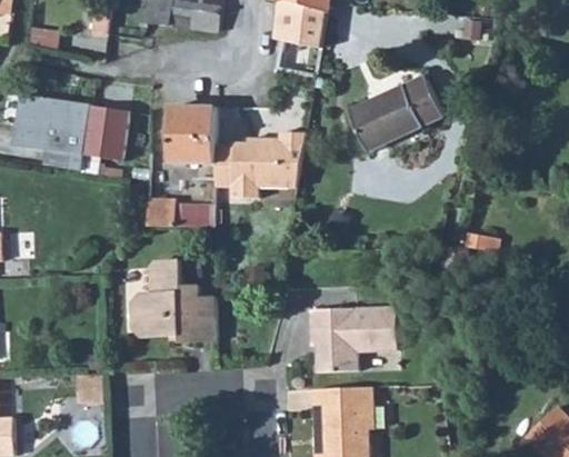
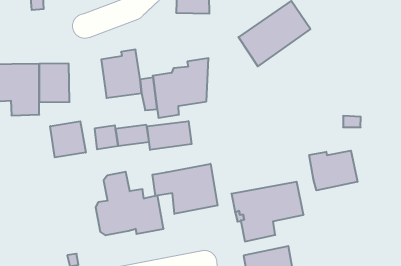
building: none -> [50,121,86,157]
building: none -> [147,121,192,150]
building: none -> [152,164,217,214]
building: none -> [309,151,357,190]

